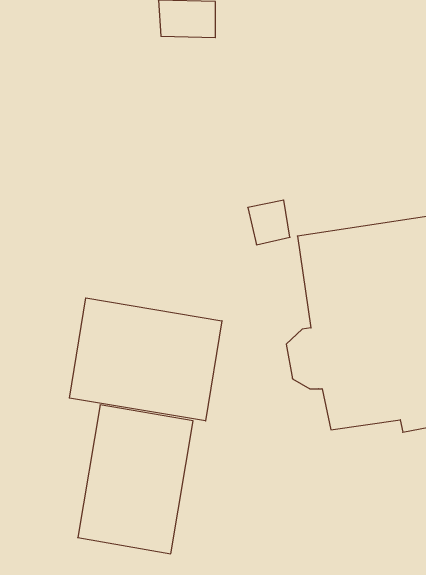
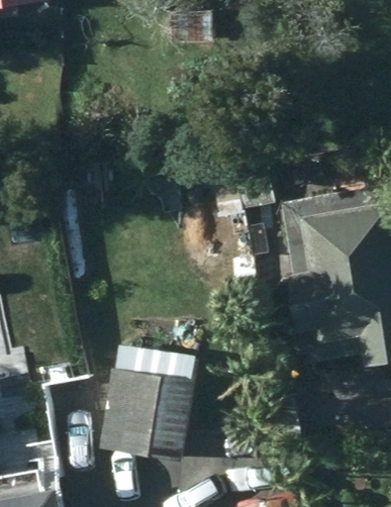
building: [69,298,222,421] -> none

